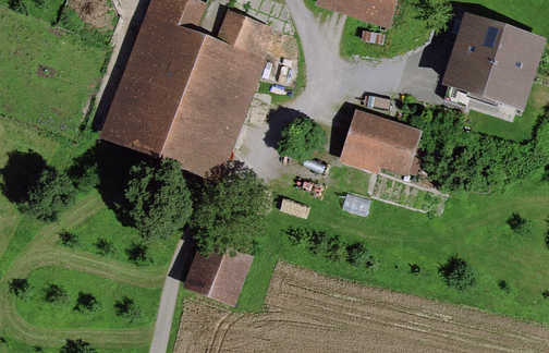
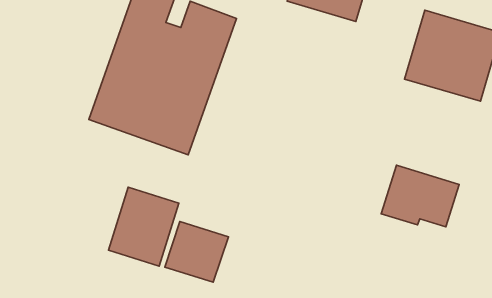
building: [339,110,423,176] -> [381,165,459,227]
building: none -> [108,187,179,266]

